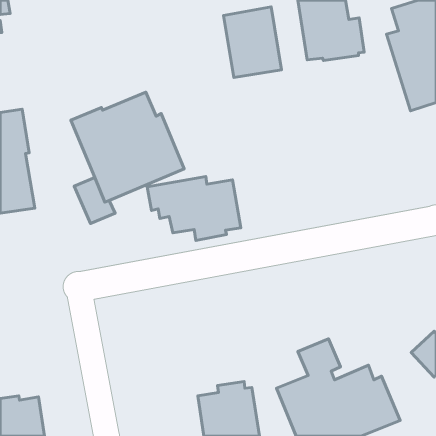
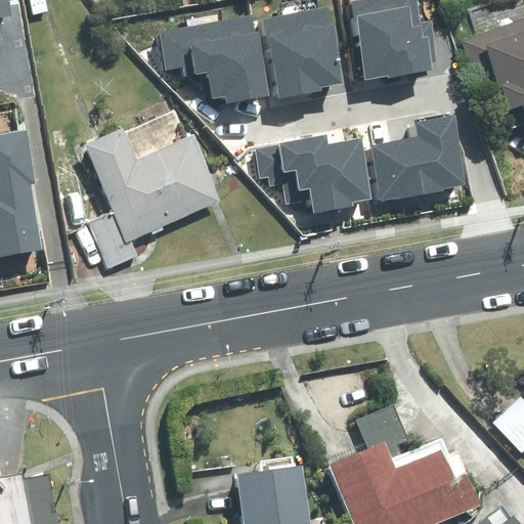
building: none -> [159,16,262,99]
building: none -> [373,119,463,196]
building: [147,177,241,241] -> [256,136,368,213]

